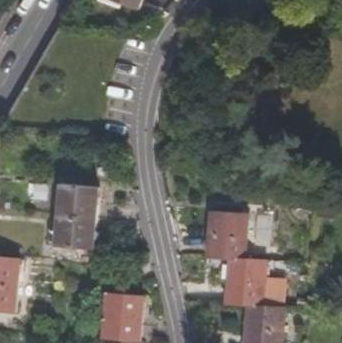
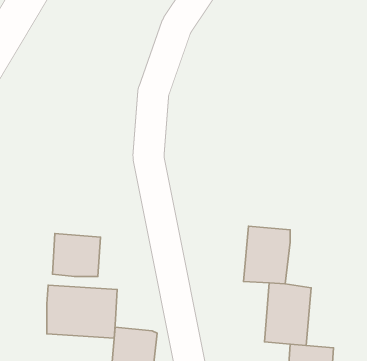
building: [58,184,97,218] -> none
building: none -> [47,285,117,338]

